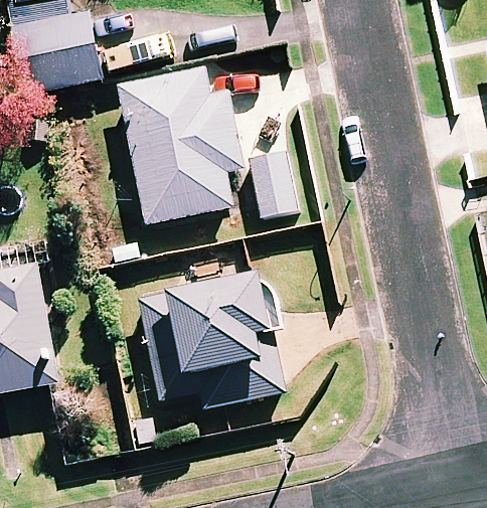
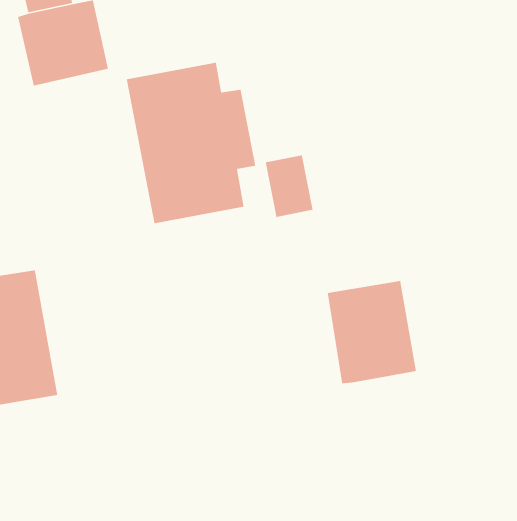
building: [141,271,284,405] -> none
building: none -> [327,280,417,384]

